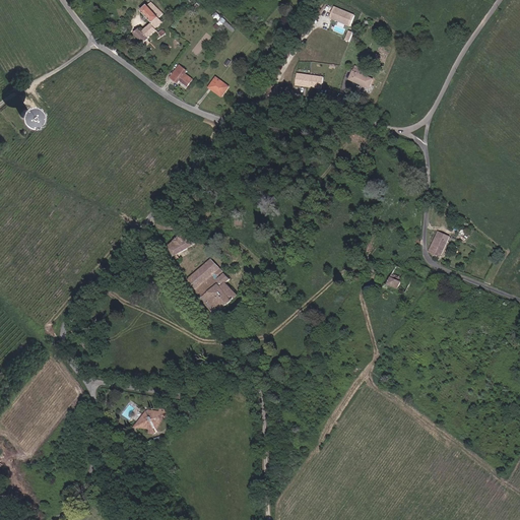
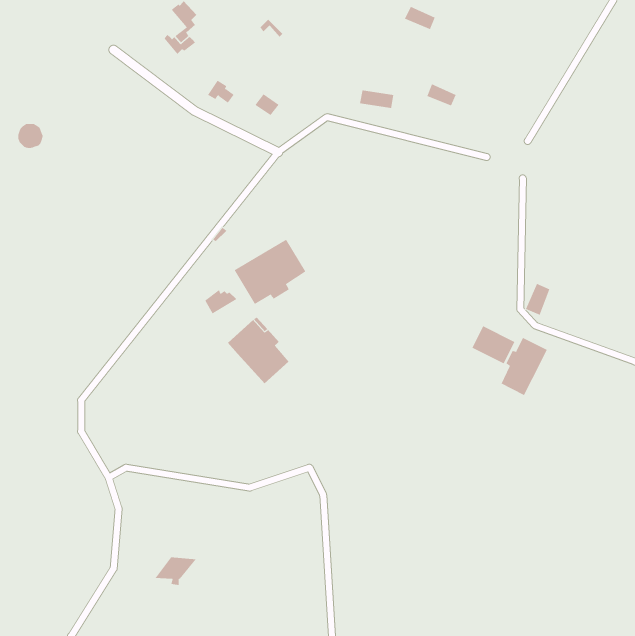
building: none -> [234,239,306,305]
building: none -> [501,337,548,396]
building: [134,409,169,433] -> [154,557,197,586]

